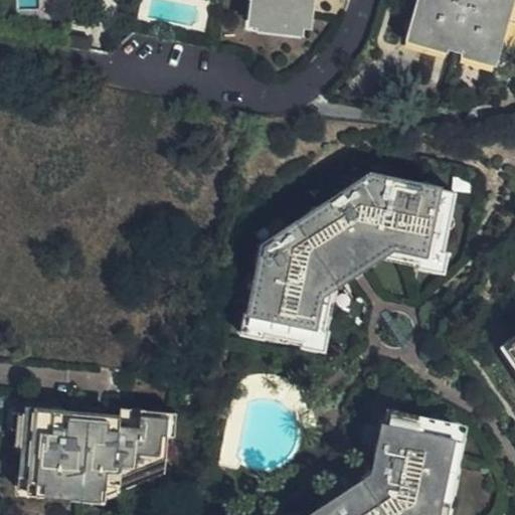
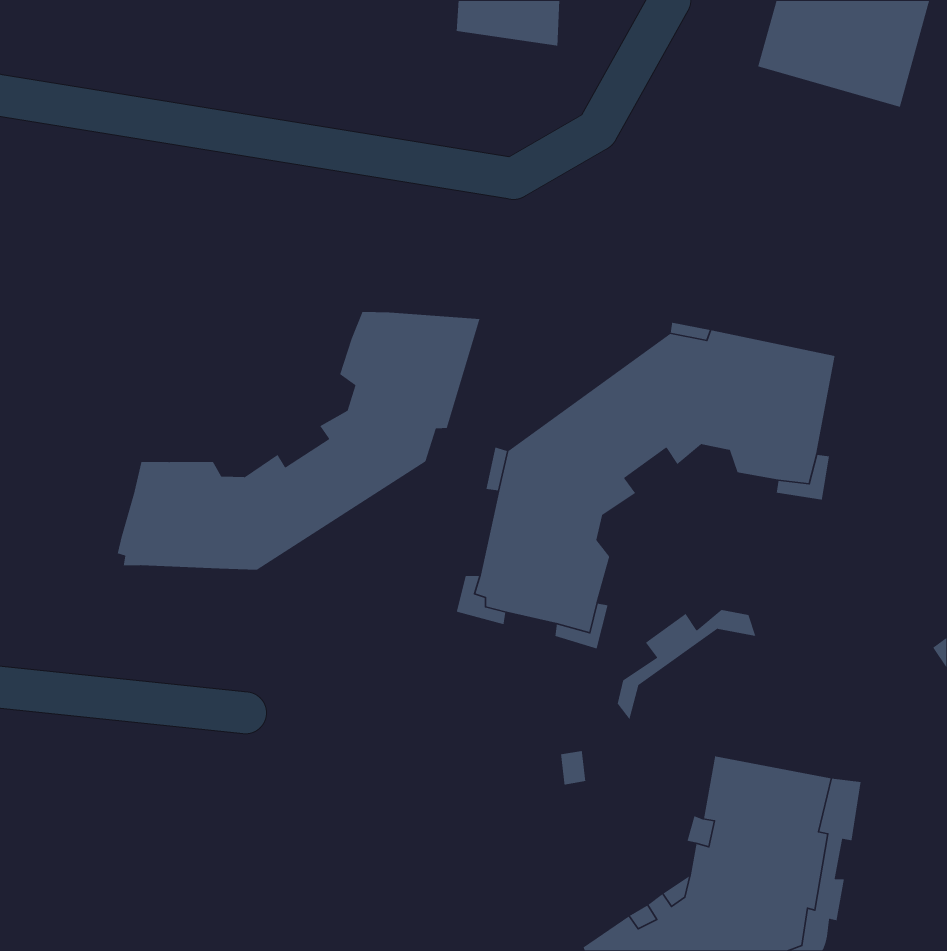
building: none -> [117,311,480,571]
building: [323,240,398,301] -> [617,609,756,721]
building: [10,408,161,491] -> none

